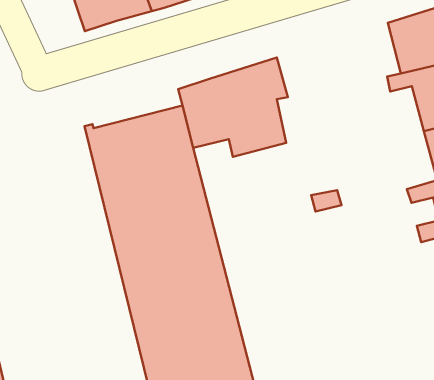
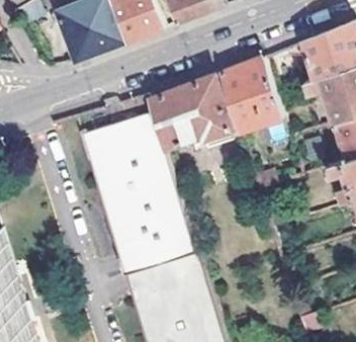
building: none -> [219,58,281,131]

